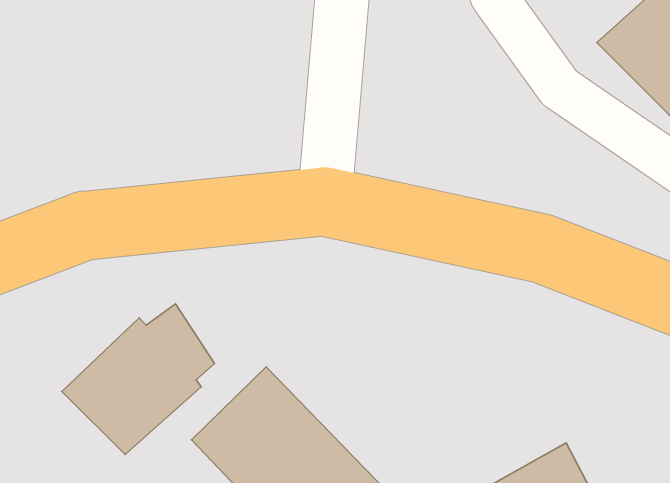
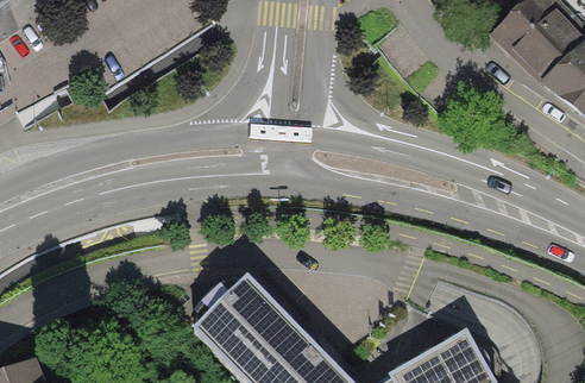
building: [62,304,215,455] -> none

